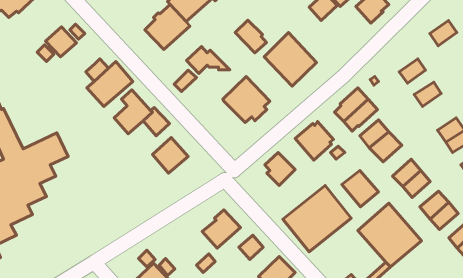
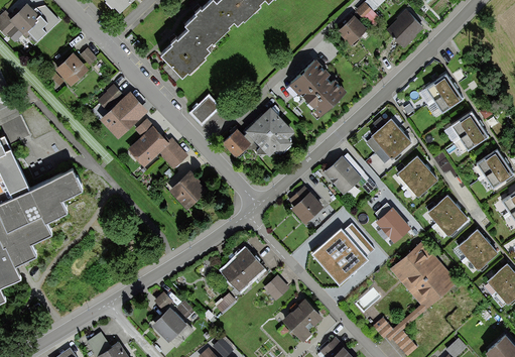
building: [235,20,266,53] -> none
building: [430,20,457,46] -> [425,74,455,101]
building: [187,46,230,74] -> [221,128,267,157]
building: none -> [460,124,488,150]

